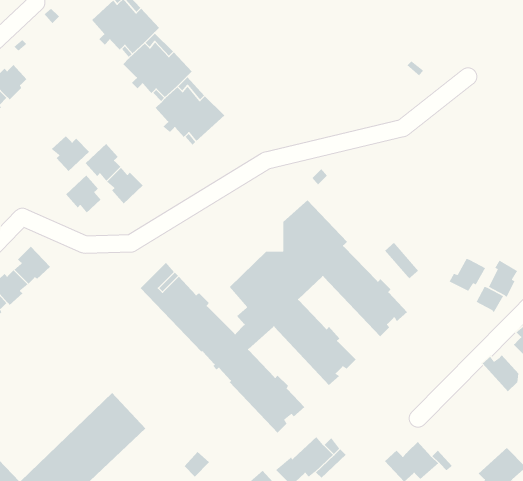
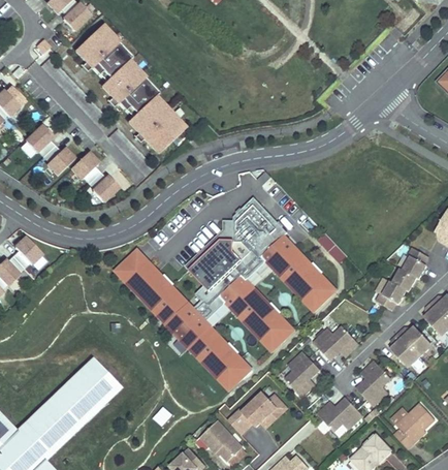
building: [65,175,101,213] -> [26,124,56,156]
building: none -> [186,220,234,270]
building: [449,258,486,292] -> [376,281,407,309]
building: none -> [314,325,359,359]
building: none -> [390,333,420,364]
building: none -> [285,351,320,397]
building: none -> [356,361,391,406]

